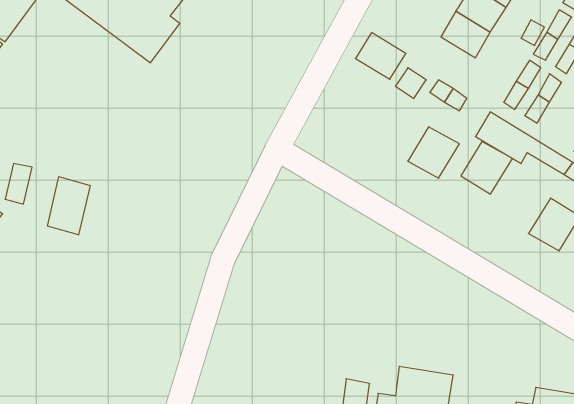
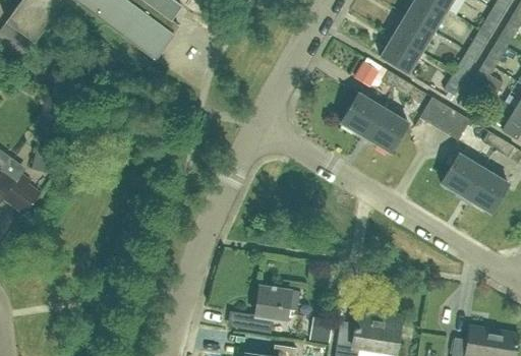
building: [355,33,406,79] -> [380,36,421,74]
building: none -> [341,95,383,138]
building: [461,141,513,194] -> [441,155,483,198]
building: [47,177,90,235] -> none
building: none -> [248,286,300,333]

